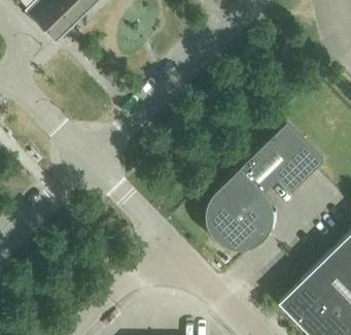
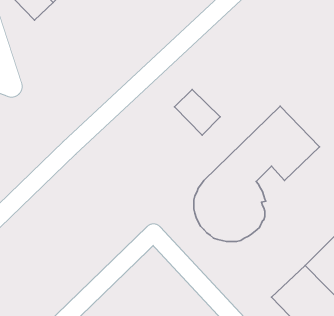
building: none -> [175,89,220,135]

